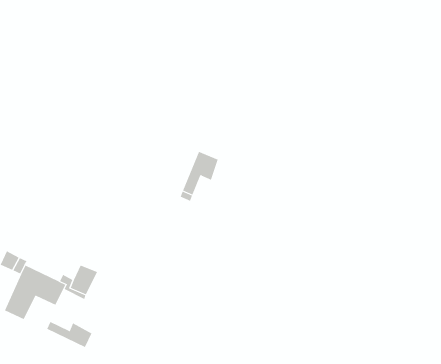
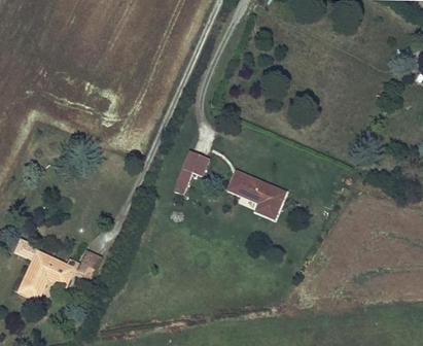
building: none -> [227,171,284,218]
building: [47,321,92,348] -> none

